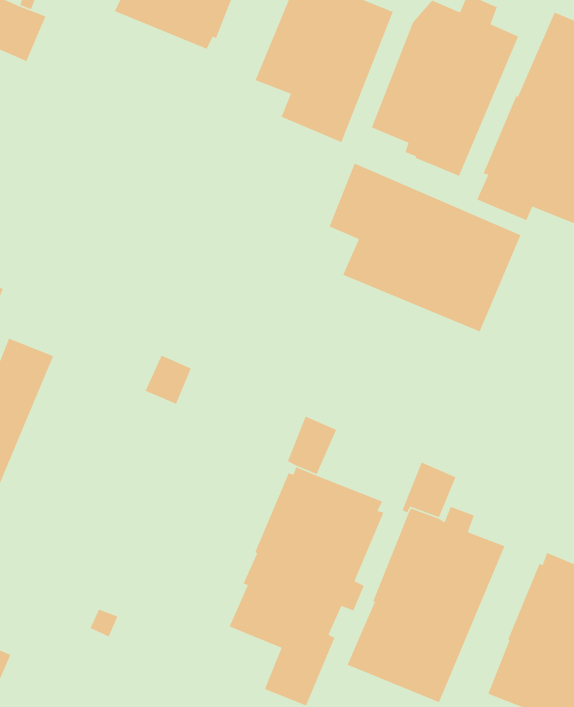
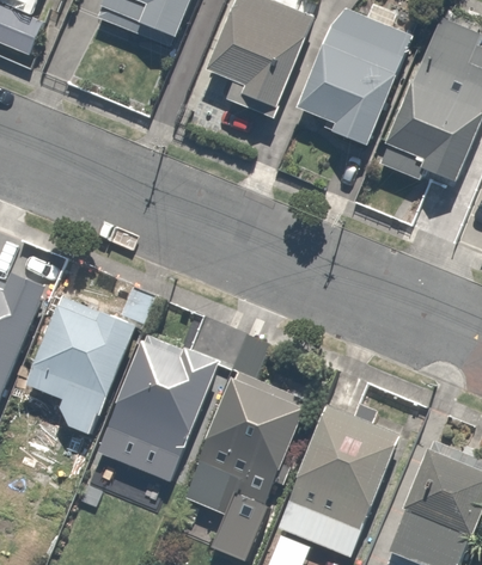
building: [329,163,522,333] -> none
building: none -> [25,296,136,435]
building: none -> [94,334,219,481]

